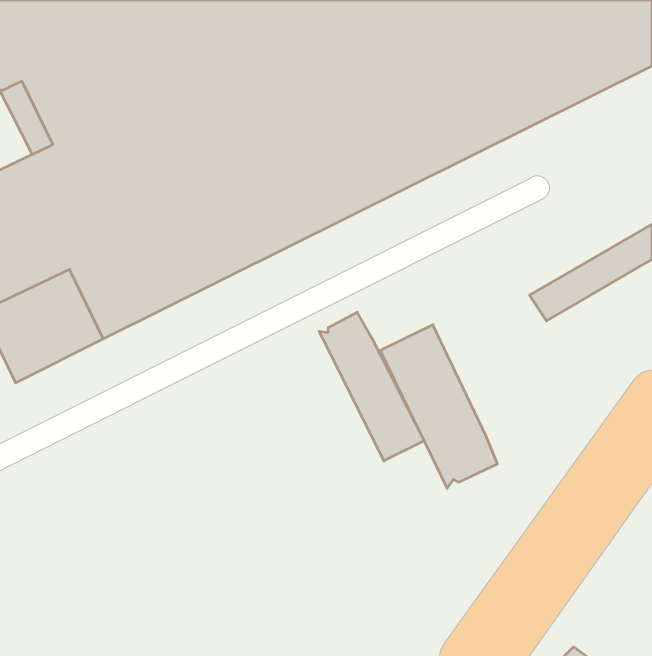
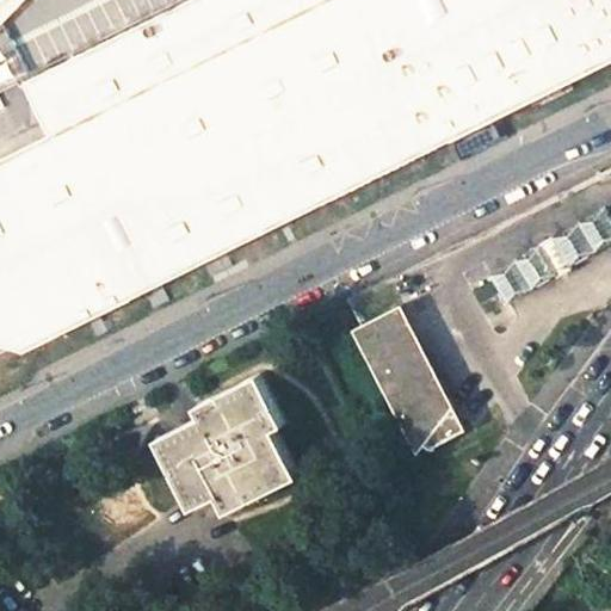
building: [319,312,424,461] -> none
building: none -> [154,374,292,511]

